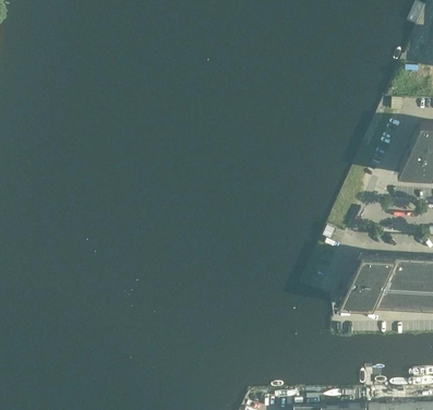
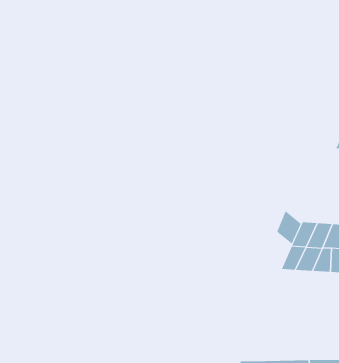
building: none -> [277,210,302,245]

